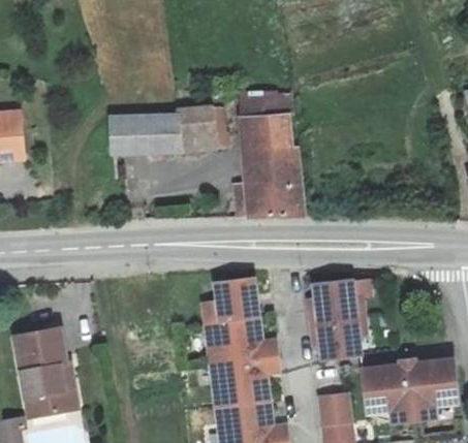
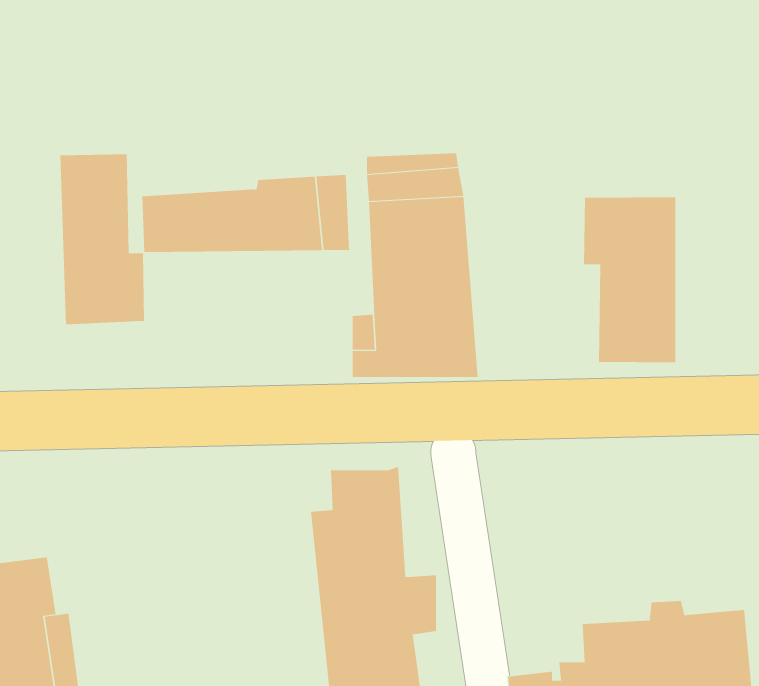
building: none -> [60,153,145,325]
building: none -> [583,196,676,363]
building: [309,275,368,355] -> none

